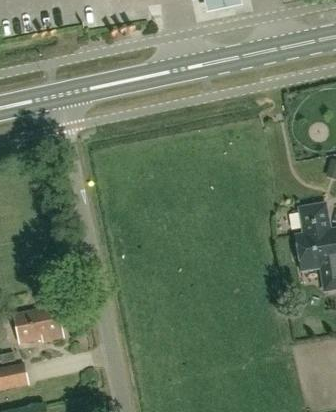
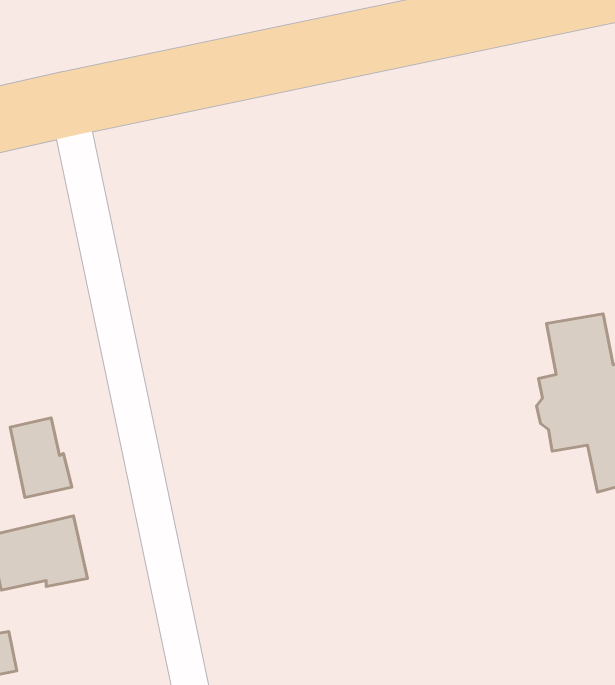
building: none -> [10,418,72,498]

